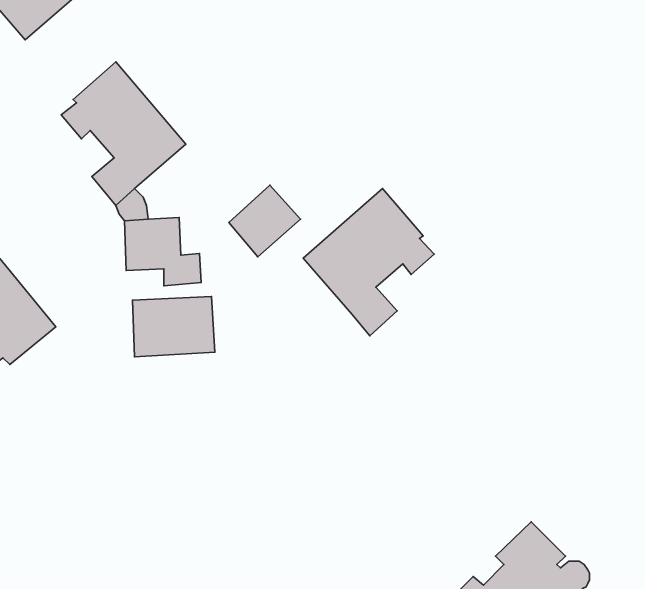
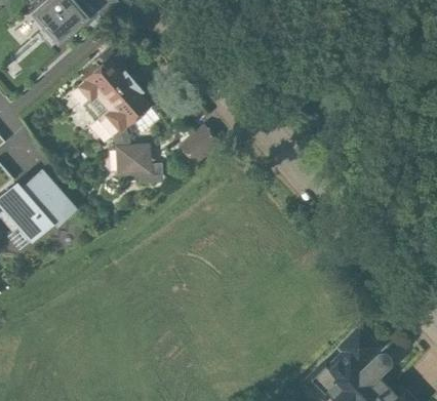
building: [303,188,434,336] -> none
building: [133,297,215,357] -> none

